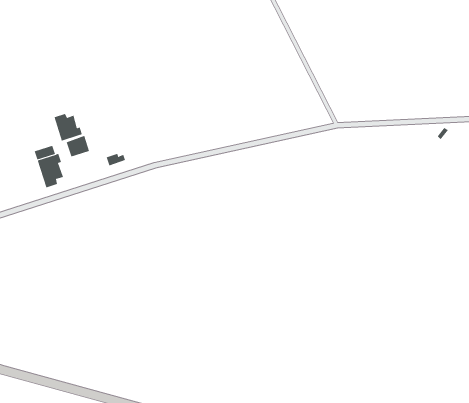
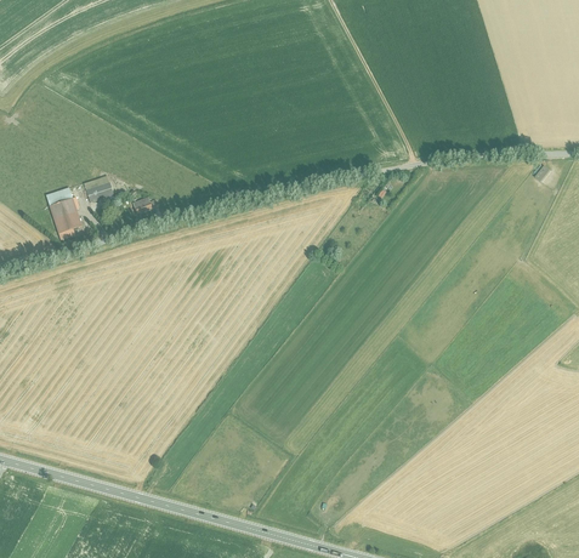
building: [54,113,83,141] -> none

